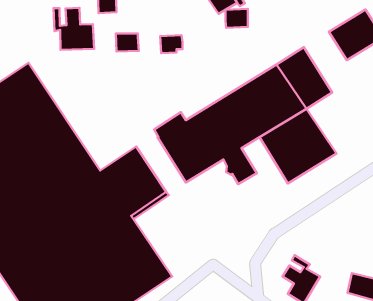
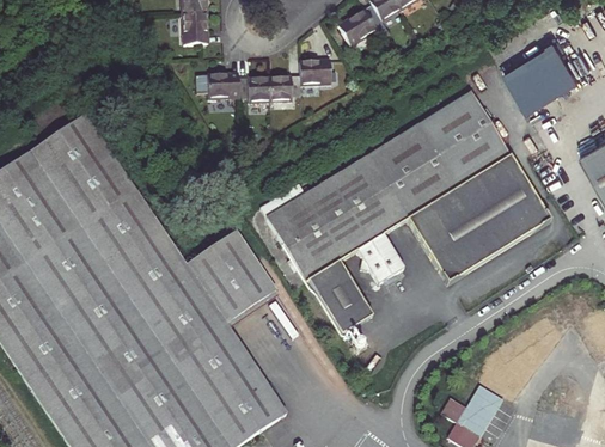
building: [53,8,94,50] -> none
building: [225,9,248,28] -> [299,59,330,85]
building: none -> [238,76,270,102]
building: none -> [473,155,550,240]
building: none -> [307,261,372,335]

